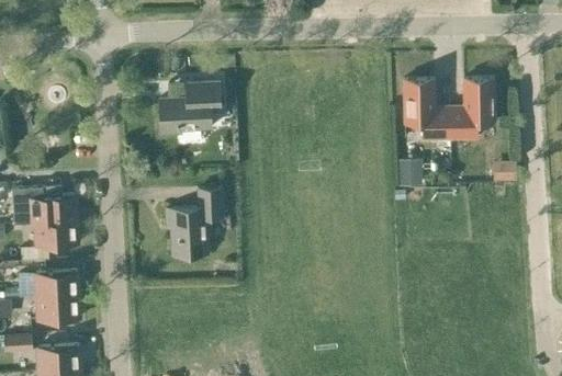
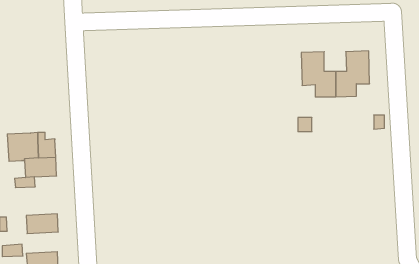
building: [158,81,220,135] -> none
building: [165,187,223,254] -> none
building: [35,271,78,297] -> none

